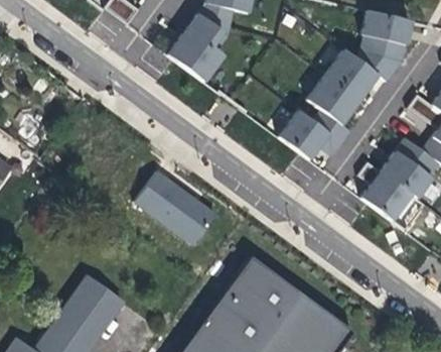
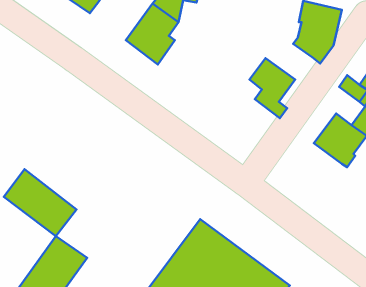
building: [324,50,377,100] -> none
building: [278,112,340,160] -> none
building: [356,162,410,220] -> none
building: [137,169,218,245] -> [4,169,76,236]

